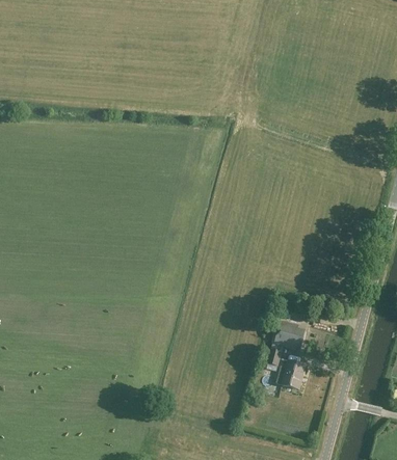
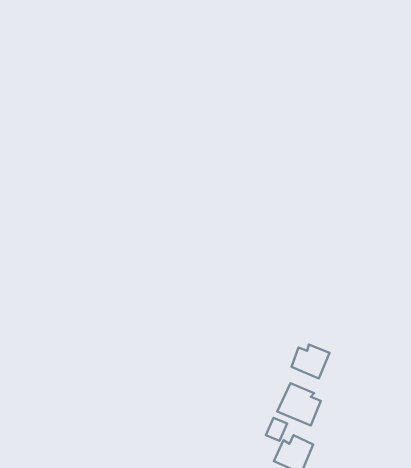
building: none -> [291,345,330,379]

